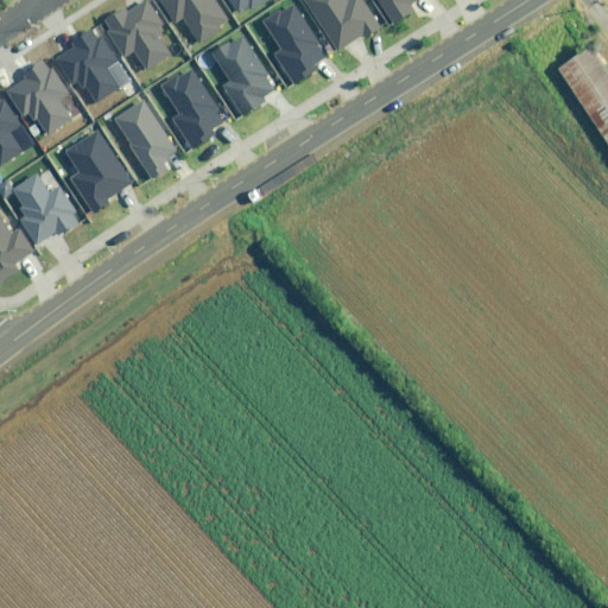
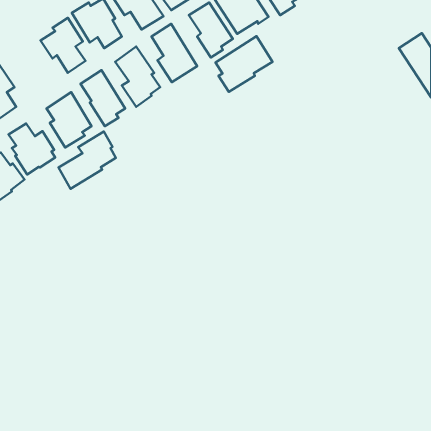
building: none -> [215,36,272,92]
building: [5,57,70,133] -> none
building: none -> [59,131,116,189]

